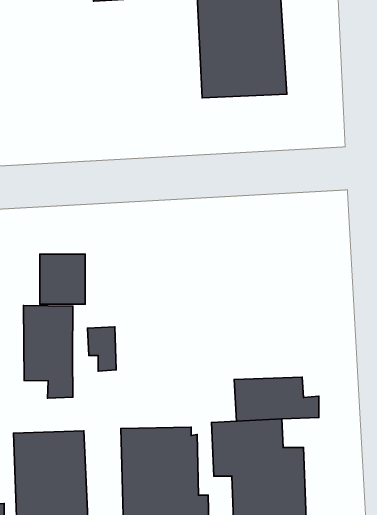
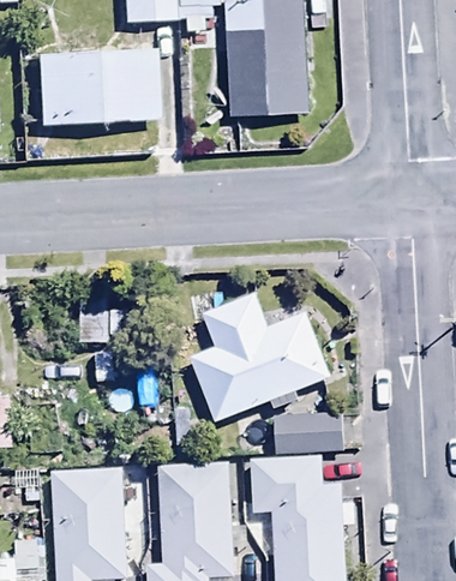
building: none -> [44,49,169,145]
building: none -> [184,290,329,420]
building: [23,306,73,398] -> none

